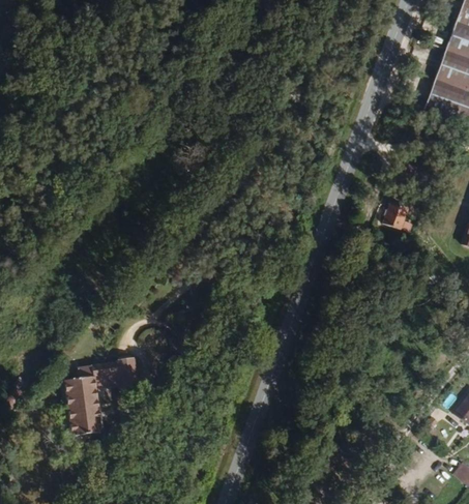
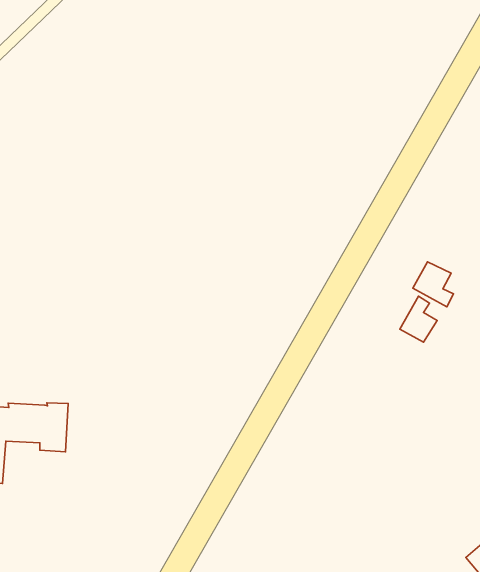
building: none -> [400,296,437,342]

